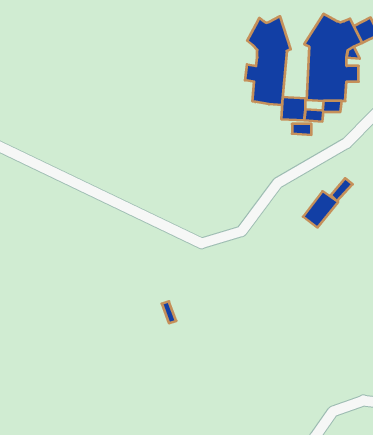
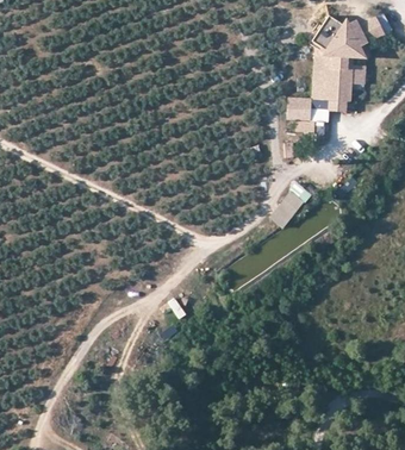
building: [245,16,291,105] -> none
building: [303,191,338,227] -> [269,192,304,227]

